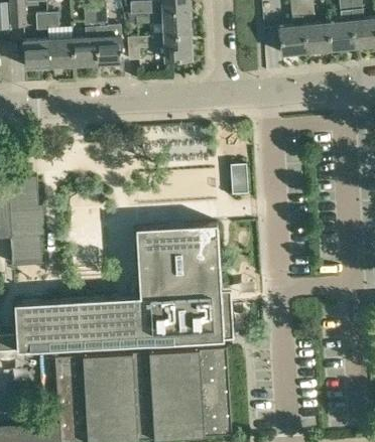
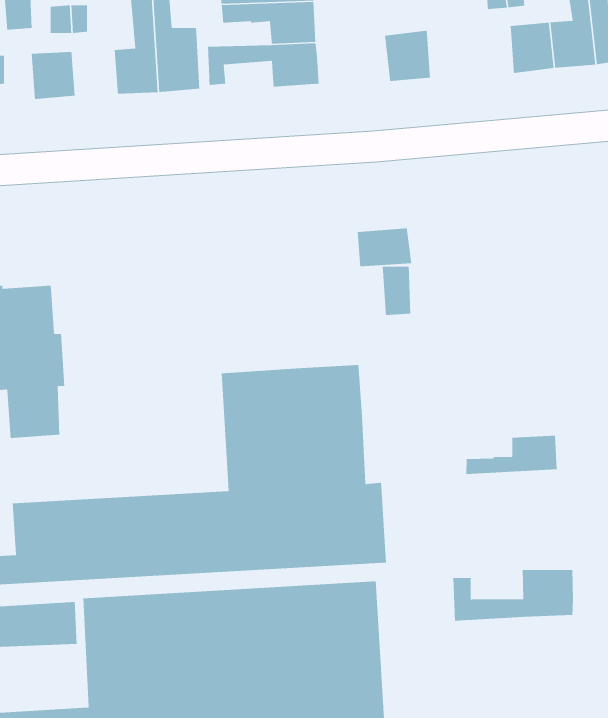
building: [278,26,305,56] -> [384,30,431,82]
building: [48,40,75,67] -> none
building: none -> [357,227,412,267]
building: none -> [466,435,557,475]
building: none -> [452,569,574,622]

